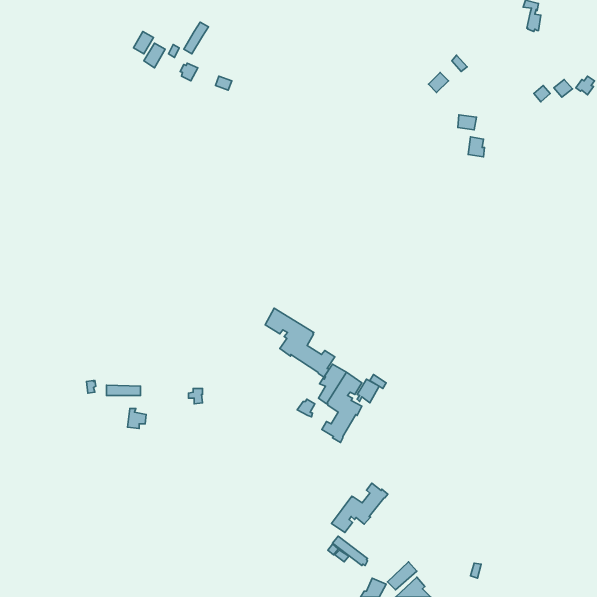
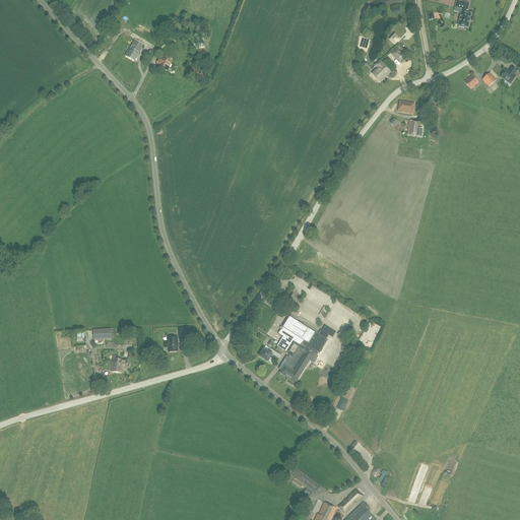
building: [265,308,335,377] -> none
building: [332,483,388,532] -> none

